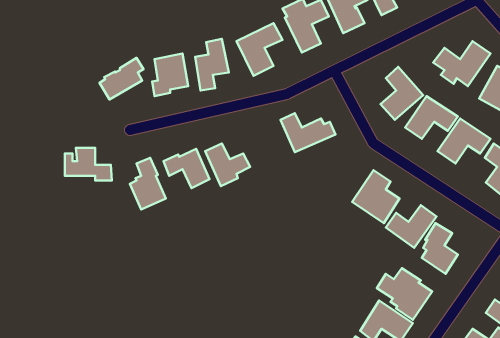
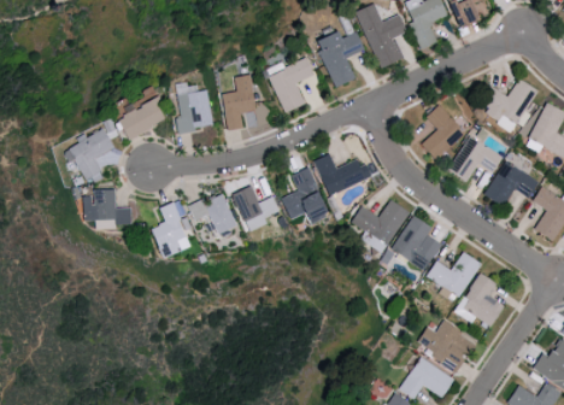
building: none -> [69,128,114,180]
building: none -> [281,165,330,224]
building: none -> [351,199,410,246]

